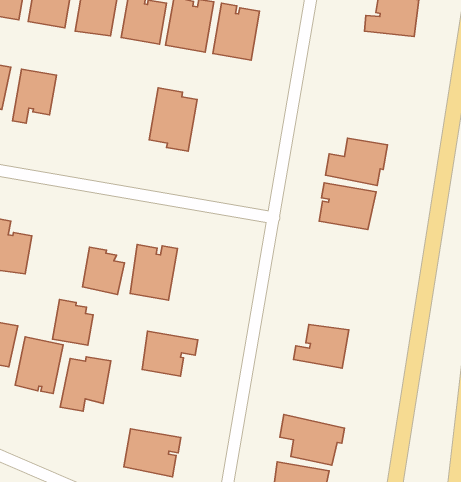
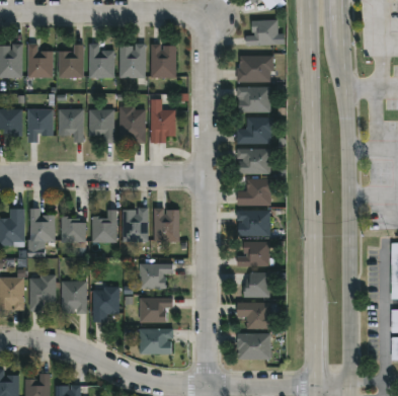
building: none -> [236,55,272,82]
building: none -> [59,108,84,142]
building: none -> [89,108,114,143]
building: none -> [236,86,270,111]
building: none -> [150,108,175,143]
building: none -> [237,176,287,206]
building: none -> [154,208,178,242]
building: none -> [237,210,270,236]
building: [53,299,93,345] -> [61,216,84,242]
building: none -> [242,271,269,298]
building: none -> [139,297,173,323]

